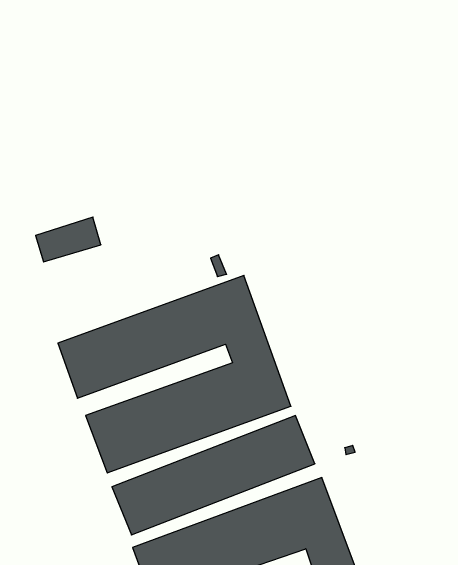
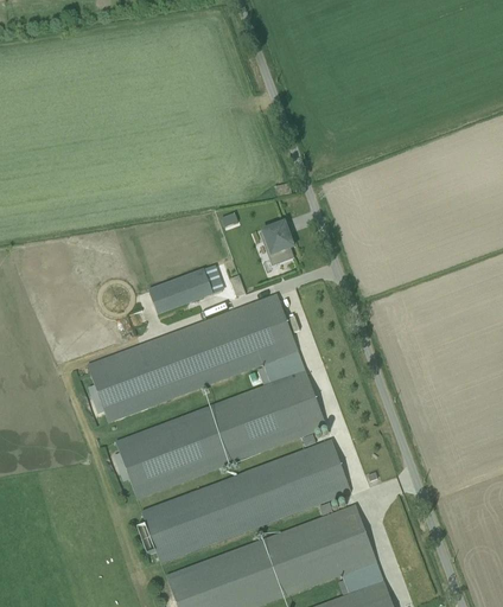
building: none -> [256,219,292,266]
building: [36,217,101,262] -> [160,267,228,313]

